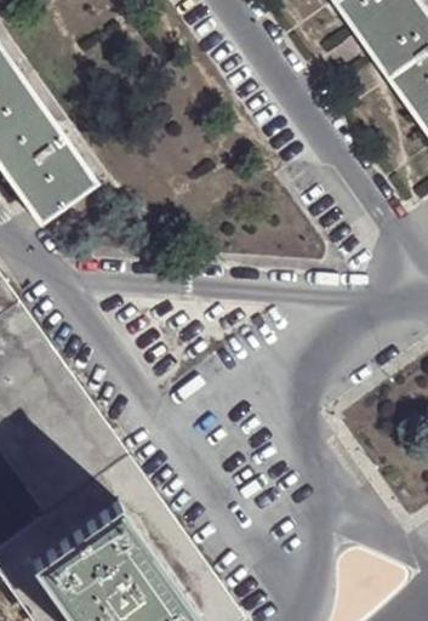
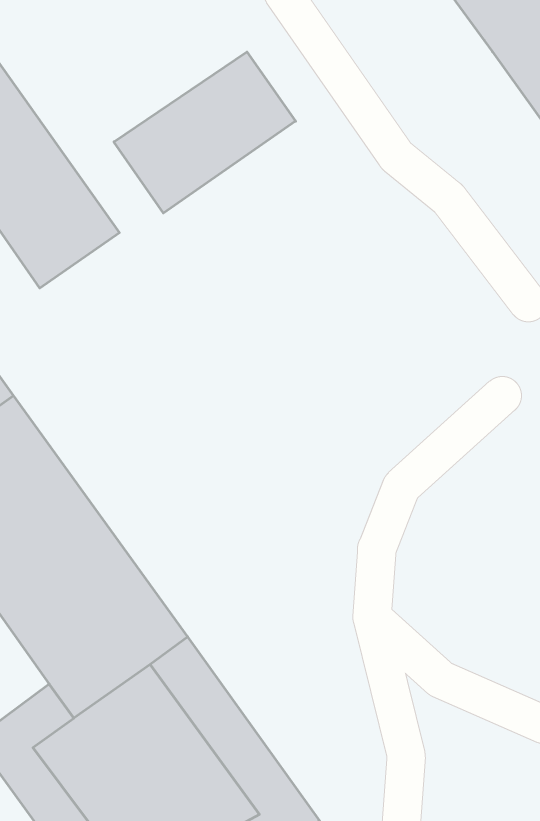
building: none -> [114,52,296,213]

